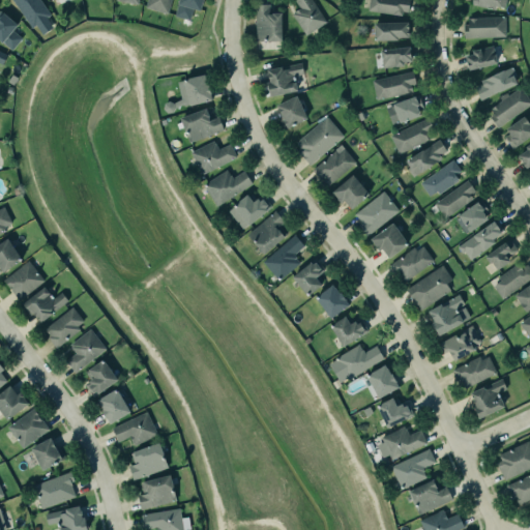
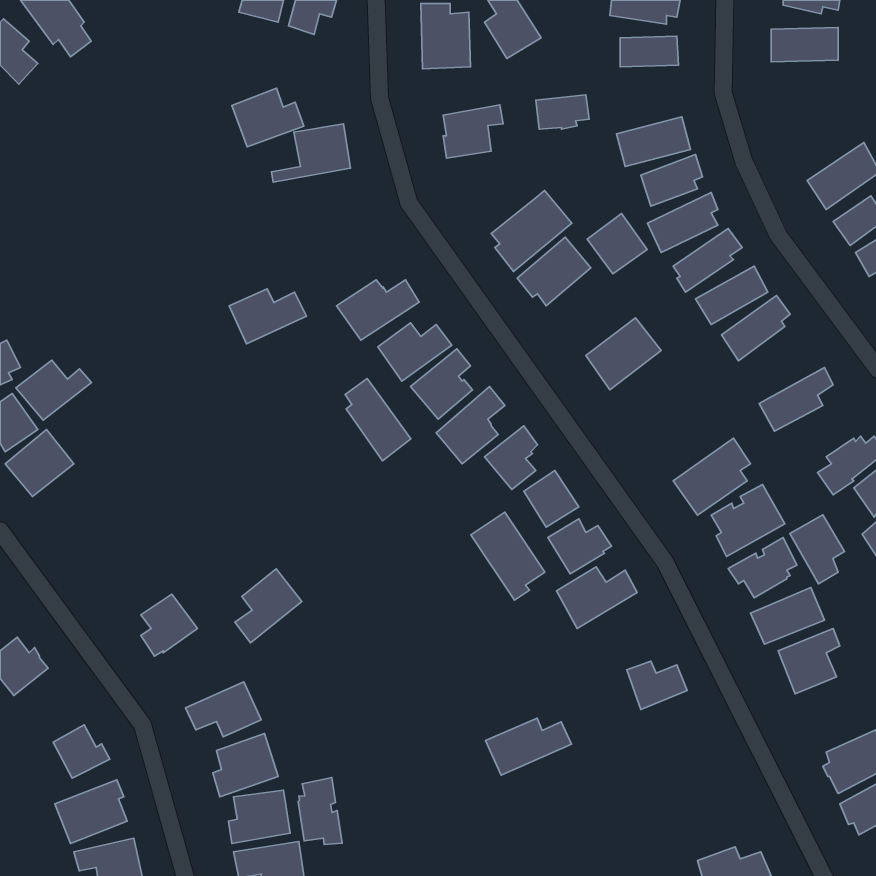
building: [466,45,499,70] -> none
building: [381,47,413,67] -> [536,95,589,129]
building: [476,66,518,99] -> none
building: [276,96,307,129] -> none
building: [181,109,225,144] -> [232,88,304,147]
building: [192,142,238,175] -> [229,289,307,344]
building: [334,175,371,211] -> [587,214,647,274]
building: [459,199,490,232] -> none
building: [371,224,409,259] -> none
building: none -> [345,379,411,461]
building: [485,240,518,270] -> none
building: [390,245,434,283] -> none
building: [24,288,69,324] -> [16,360,91,420]
building: [43,307,87,348] -> none
building: none -> [471,512,545,600]
building: none -> [790,515,845,584]
building: [66,329,107,374] -> [235,569,302,643]
building: [369,364,401,399] -> none
building: [98,390,130,424] -> none
building: [8,408,50,448] -> none
building: [376,429,428,463] -> [486,718,571,775]
building: [392,450,436,490] -> none
building: none -> [298,778,342,845]
building: [410,479,453,516] -> none

